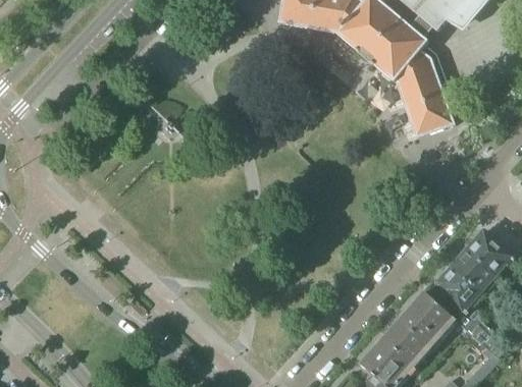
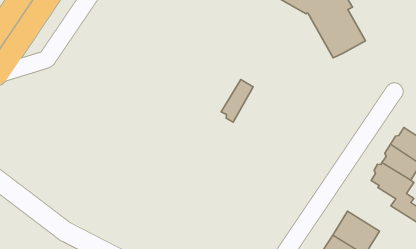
building: none -> [221,79,253,122]
building: [403,290,456,342] -> none

